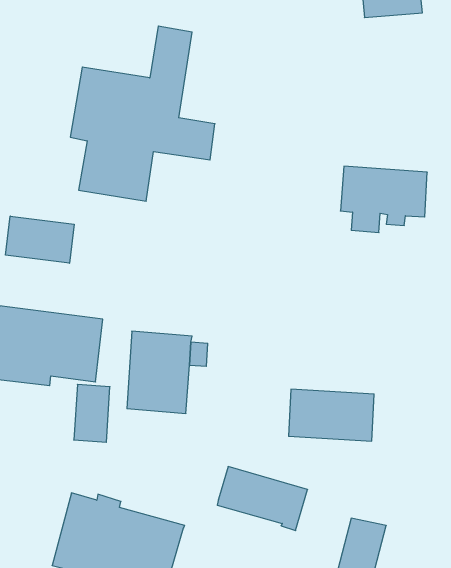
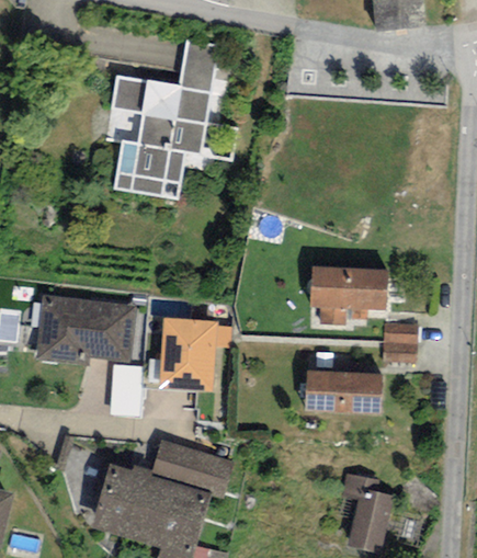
building: [340,166,427,233] -> [309,264,388,324]
building: [6,216,74,263] -> none
building: none -> [383,322,419,362]
building: [217,467,308,531] -> [151,441,234,499]

